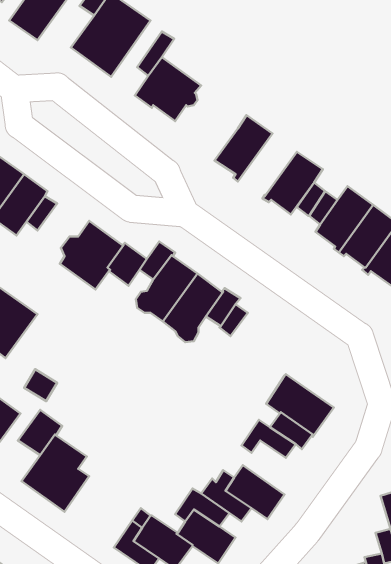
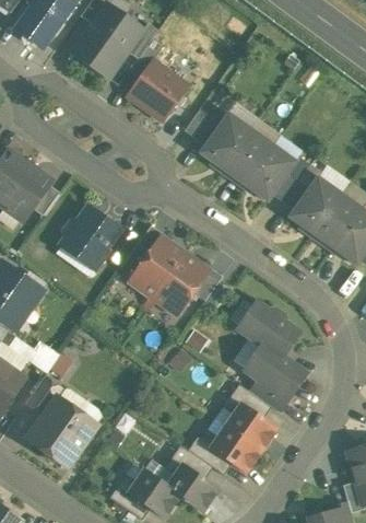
building: none -> [185,109,221,146]
building: none -> [221,129,273,185]
building: none -> [239,302,299,357]
building: none -> [225,403,278,451]

